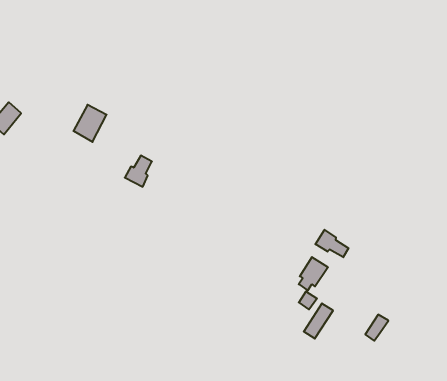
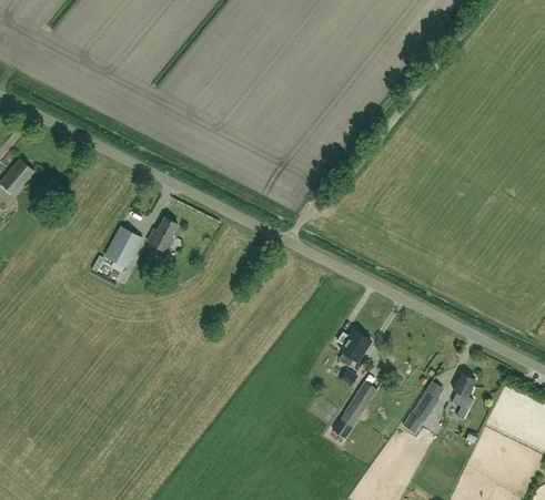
building: [73,105,107,142] -> [104,227,141,268]
building: [315,230,348,257] -> none
building: none -> [451,374,474,419]

